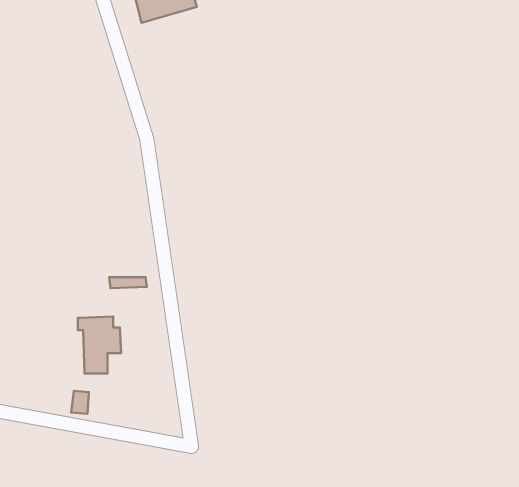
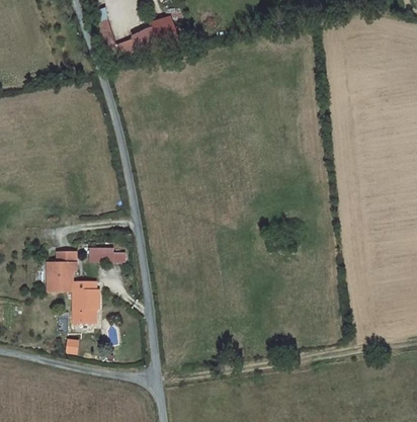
building: none -> [45,250,76,290]

